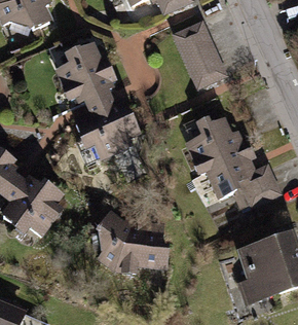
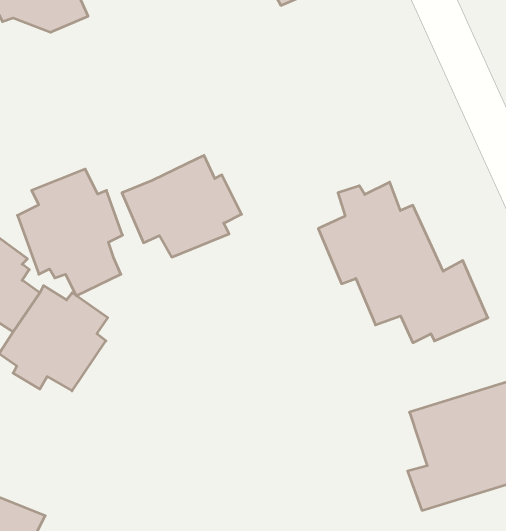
building: [171,17,227,87] -> none
building: [54,41,115,114] -> [17,169,123,296]
building: [94,210,167,272] -> none

